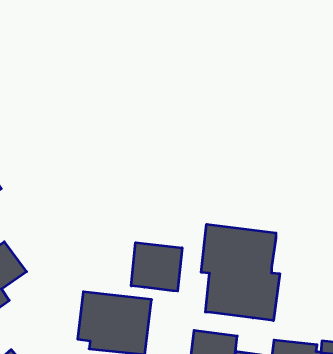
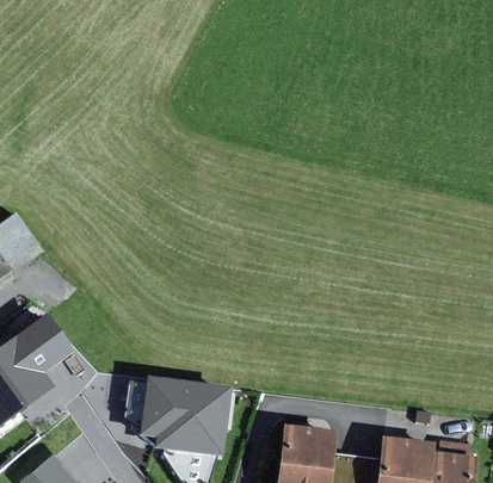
building: [201,224,280,321] -> none
building: [131,243,182,291] -> none

